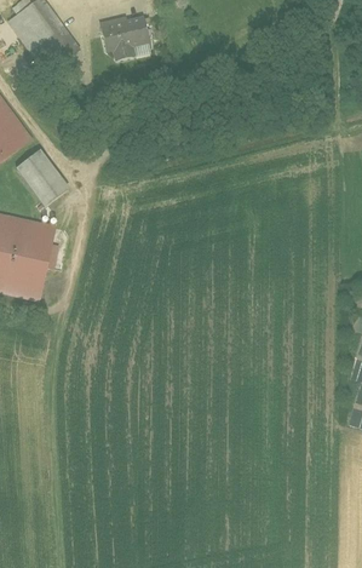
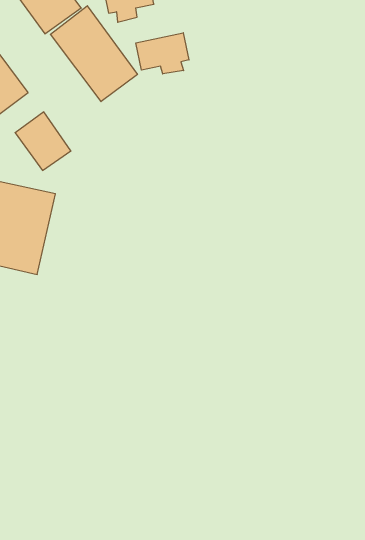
building: none -> [50,6,137,102]
building: none -> [136,33,189,74]

